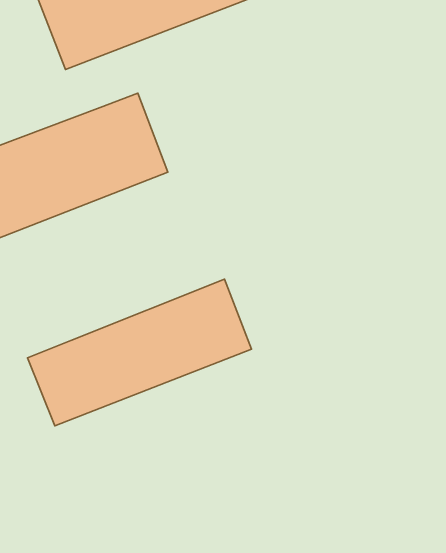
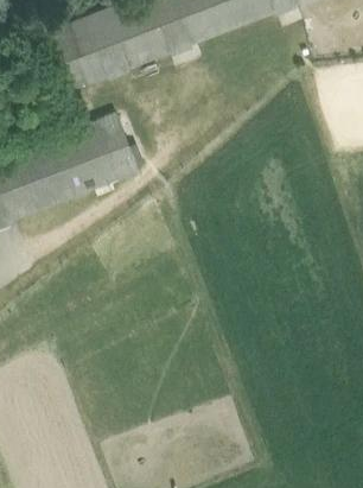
building: [28,279,251,426] -> none

